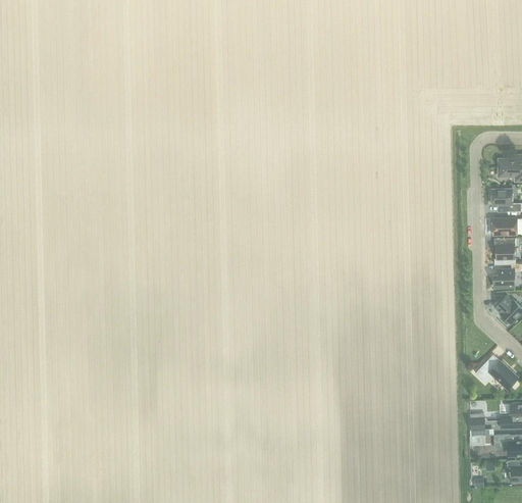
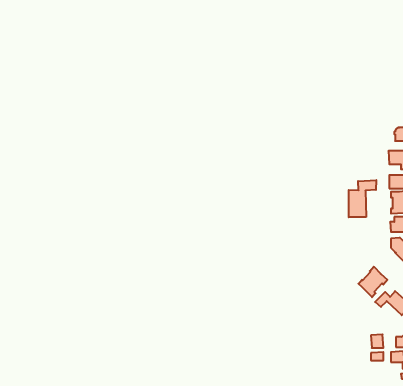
building: none -> [349,180,376,217]
building: none -> [358,267,387,297]

